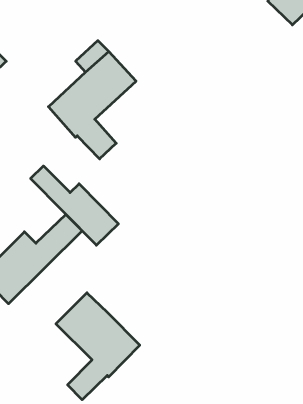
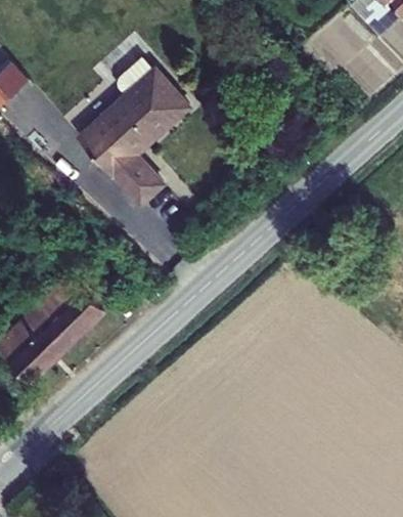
building: [31,166,118,245] -> none
building: [56,293,140,400] -> none

